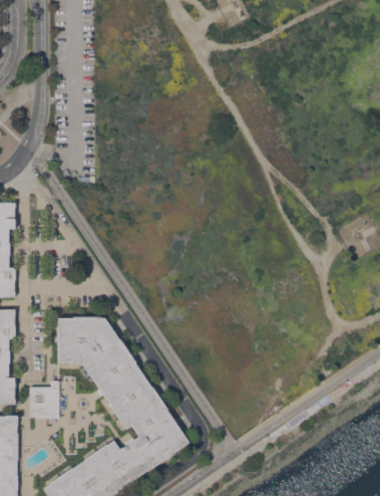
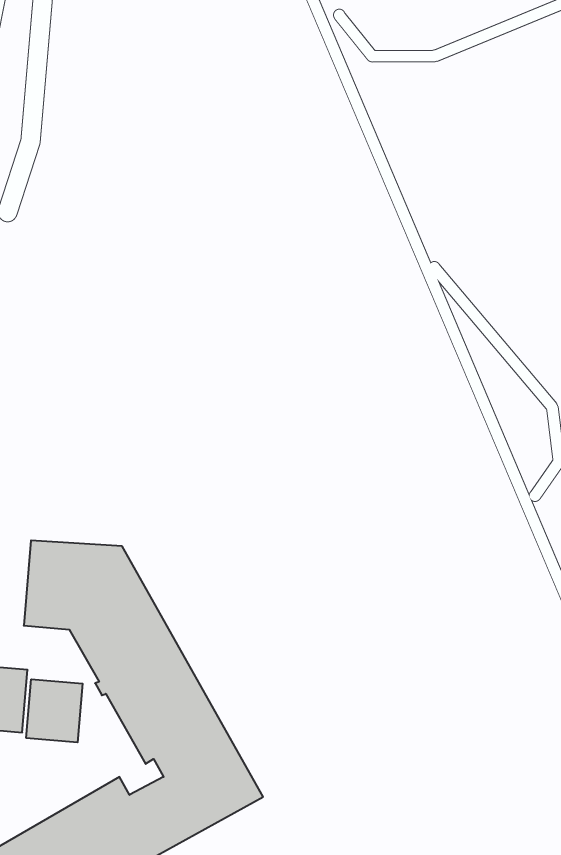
building: none -> [26,679,83,742]

